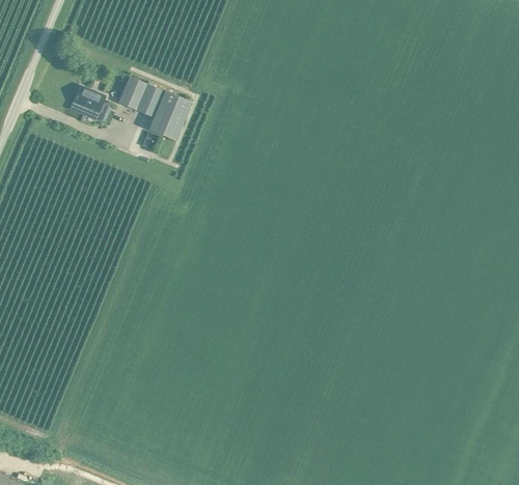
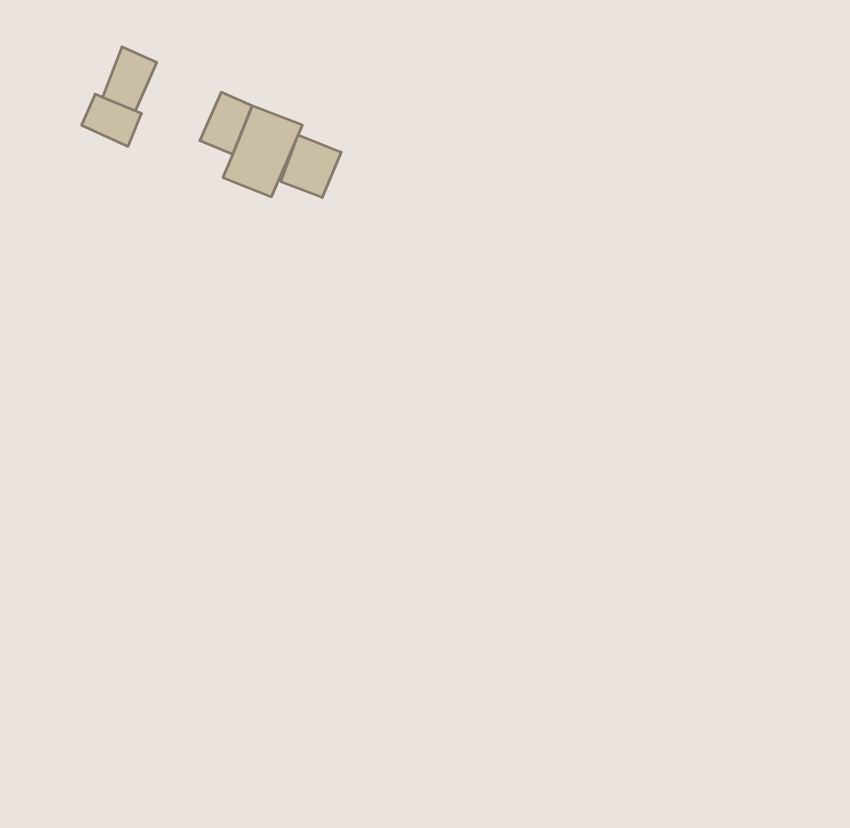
building: [117,77,146,111] -> [102,47,157,111]
building: none -> [281,135,341,198]

